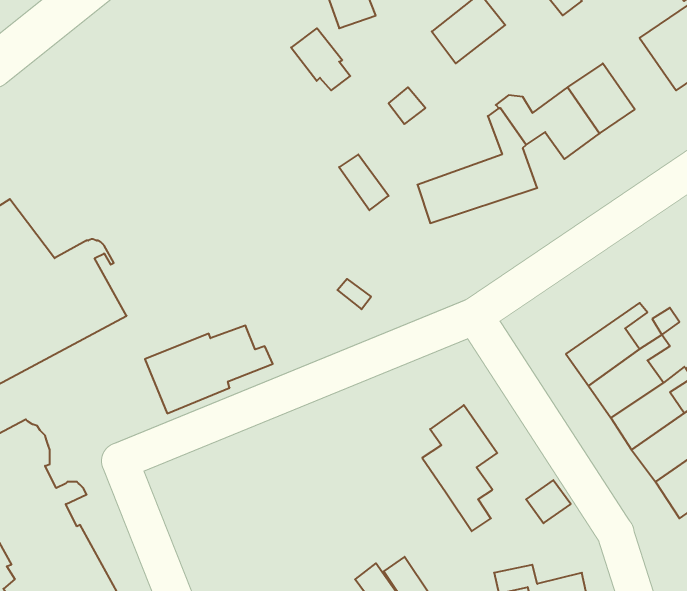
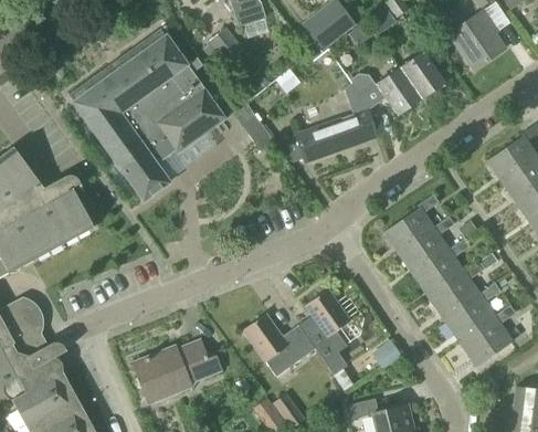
building: none -> [73,35,225,201]
building: none -> [384,194,439,252]
building: [145,326,273,413] -> [131,341,220,402]
building: none -> [243,313,315,377]

